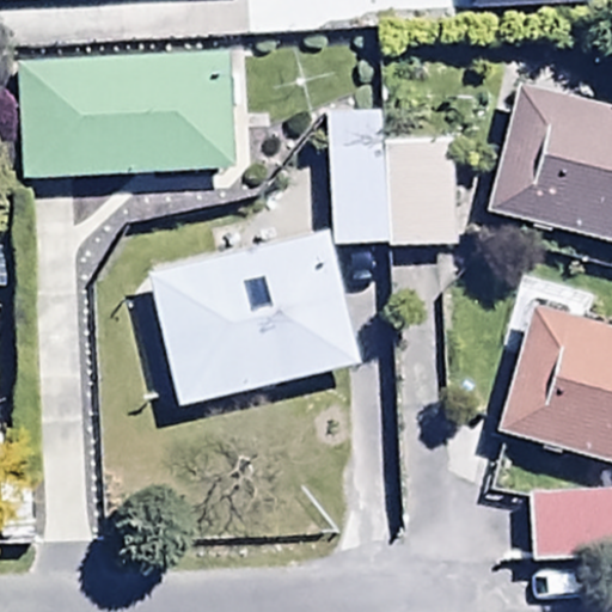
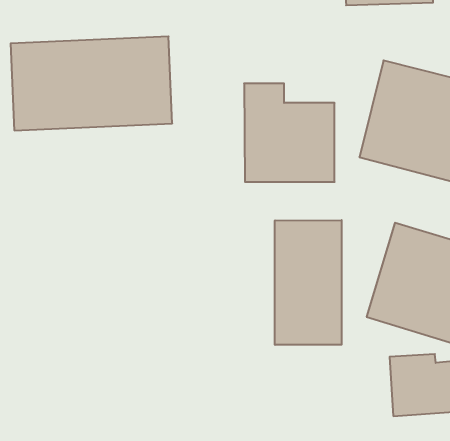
building: [149,233,356,406] -> none
building: none -> [275,220,342,345]

